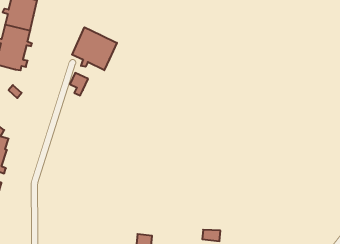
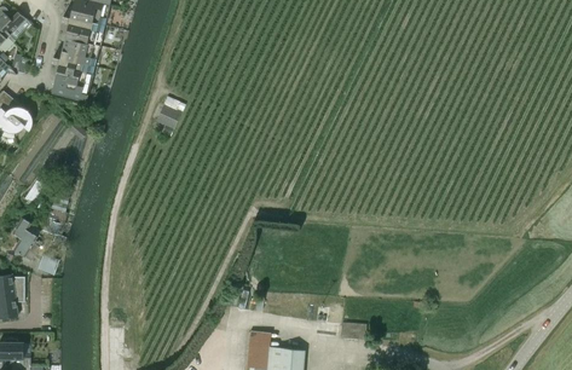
building: [72,27,117,70] -> none

